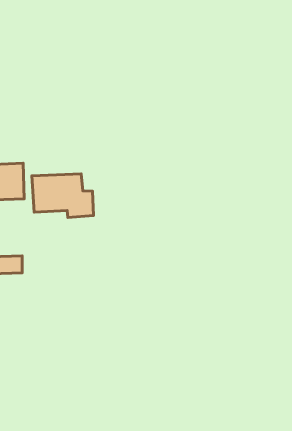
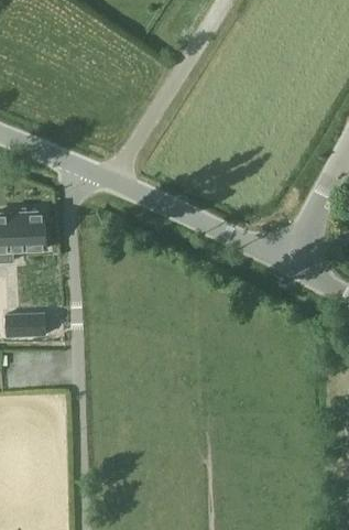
building: [32,174,93,218] -> none

